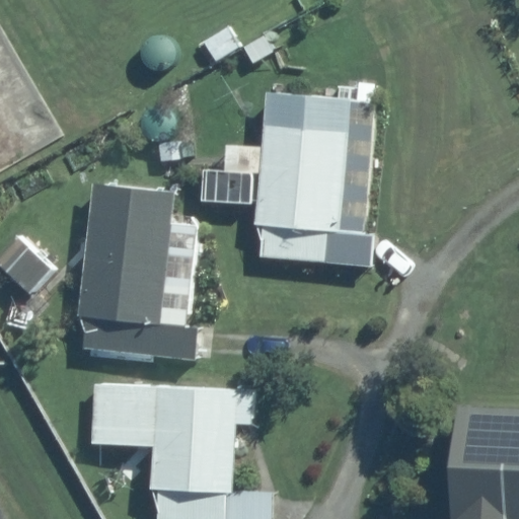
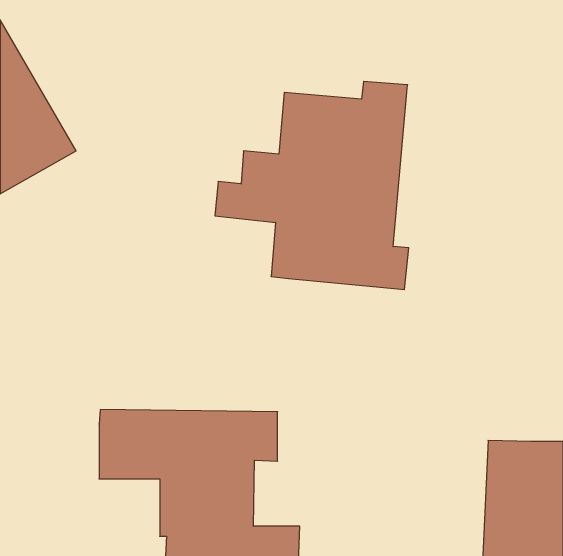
building: [82,180,202,358] -> none

